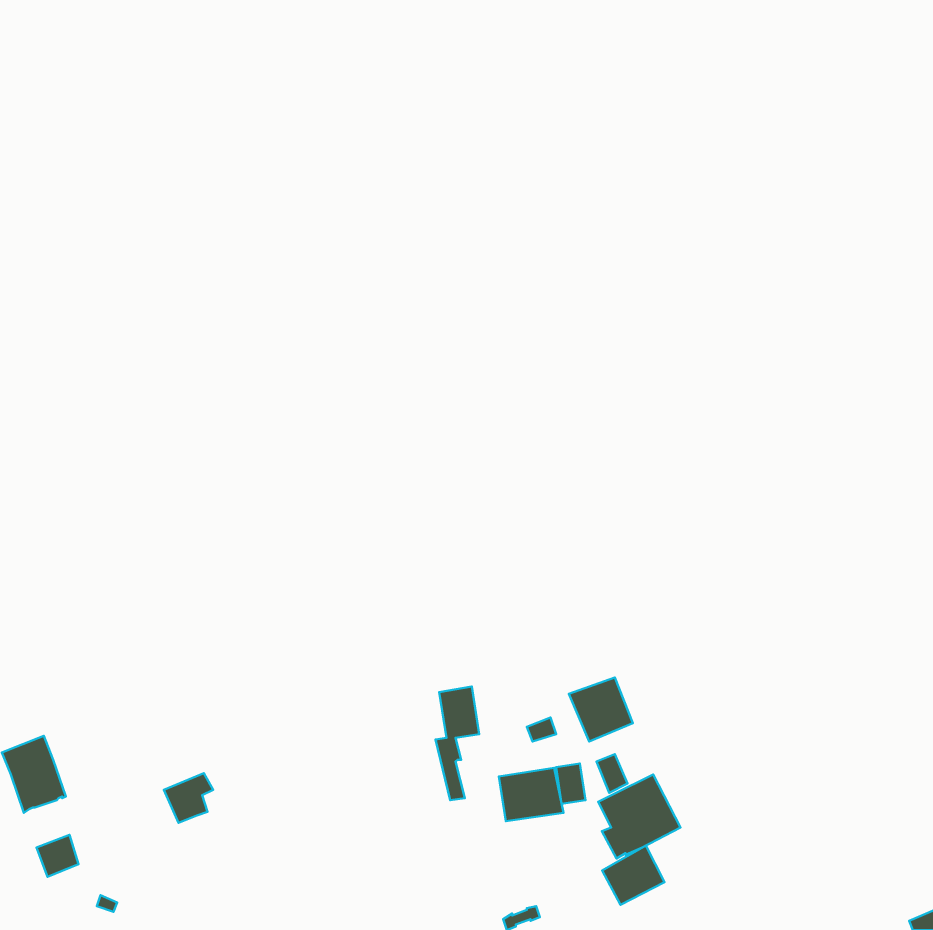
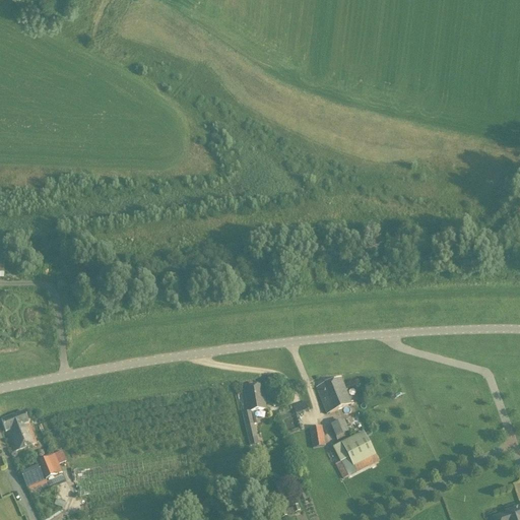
building: [499,768,564,821] -> none
building: [164,773,213,823] -> [39,450,66,477]
building: [602,846,664,905] -> none

